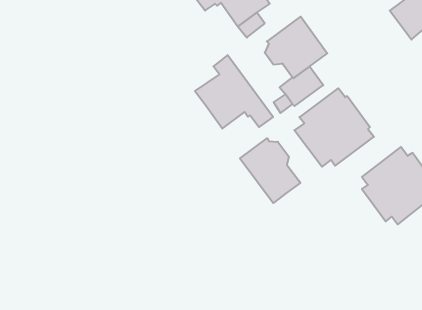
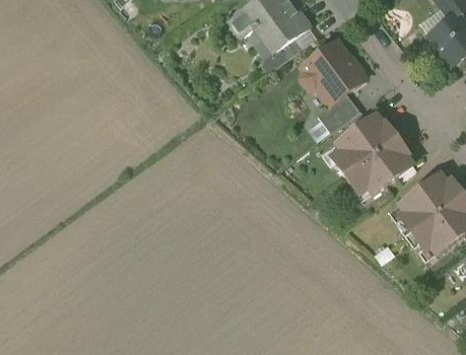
building: [195,55,273,129] -> none
building: [240,138,300,203] -> none

